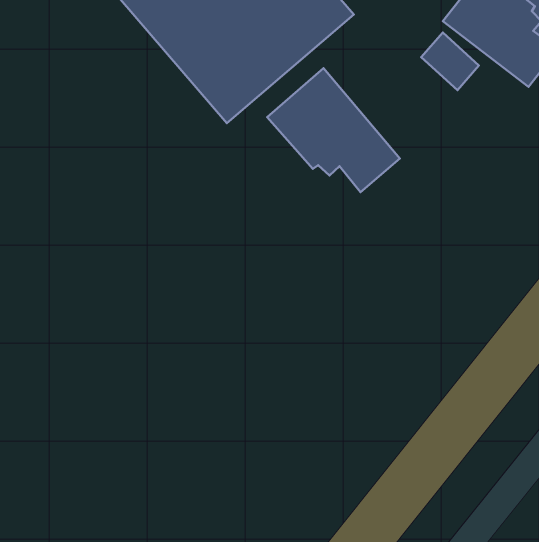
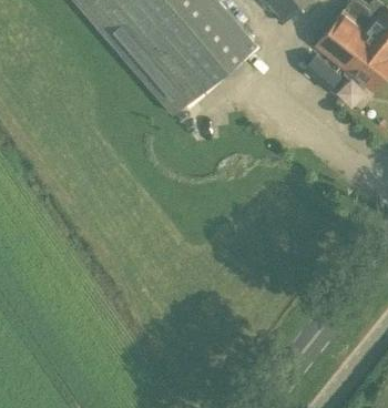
building: [267,68,400,192] -> none

